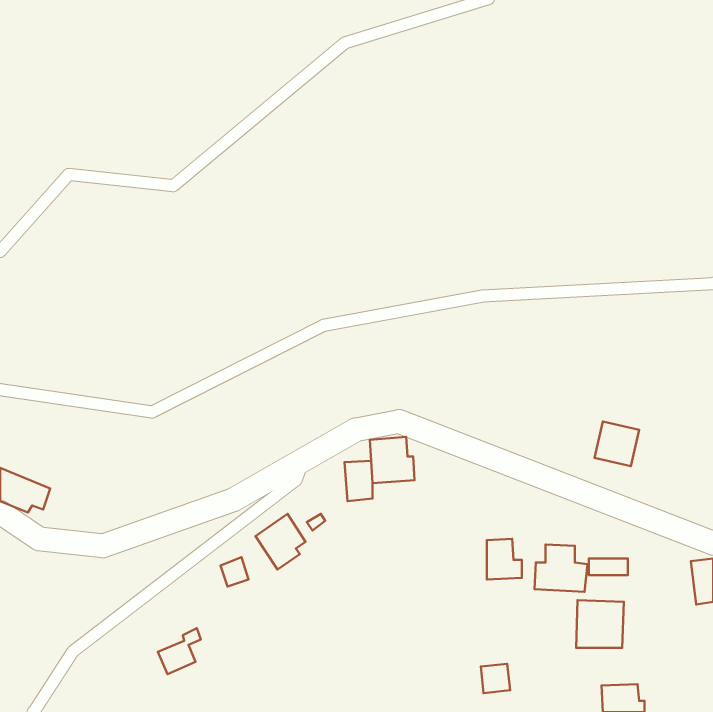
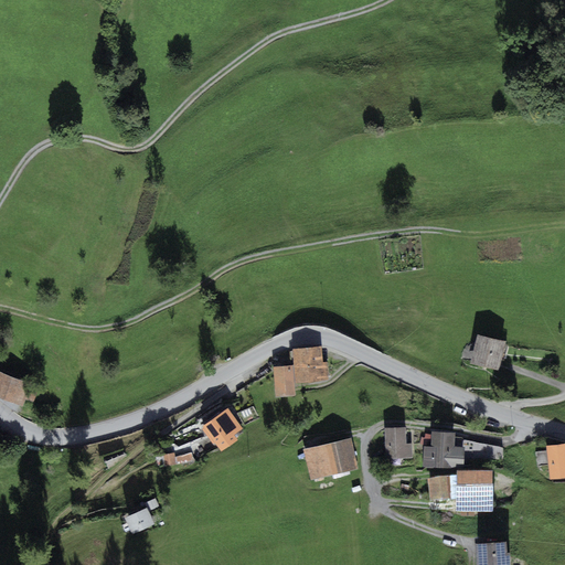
building: none -> [302,437,358,479]
building: [481,664,510,693] -> [427,479,450,502]

